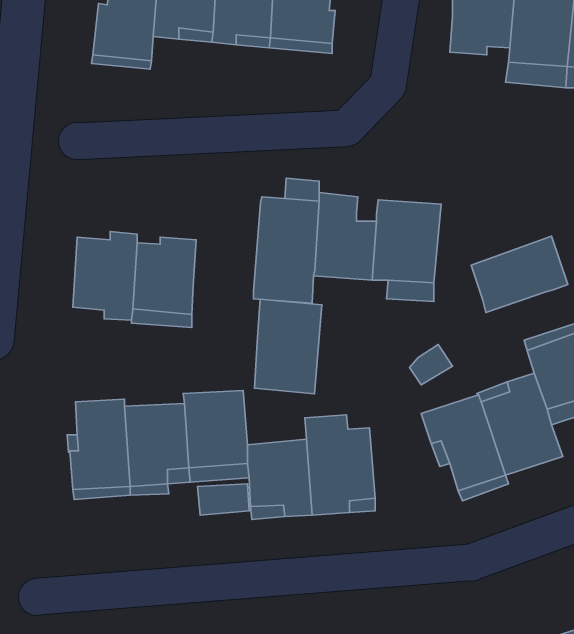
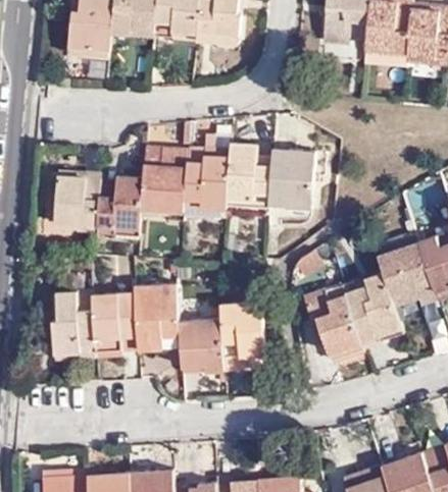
building: [471,236,568,313] -> none
building: [254,299,322,394] -> [140,146,188,213]

